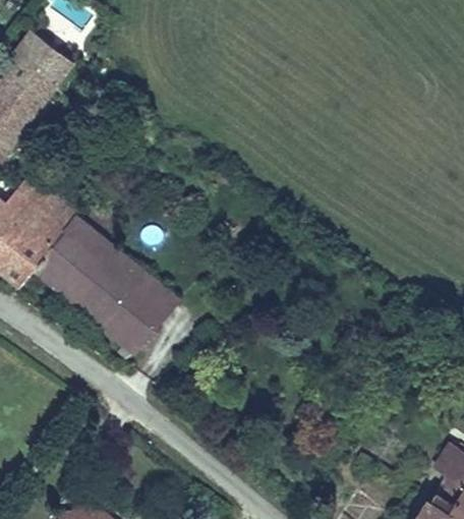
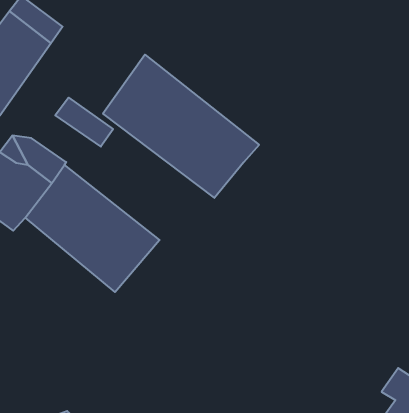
building: none -> [103,55,259,198]
building: none -> [55,98,113,147]

